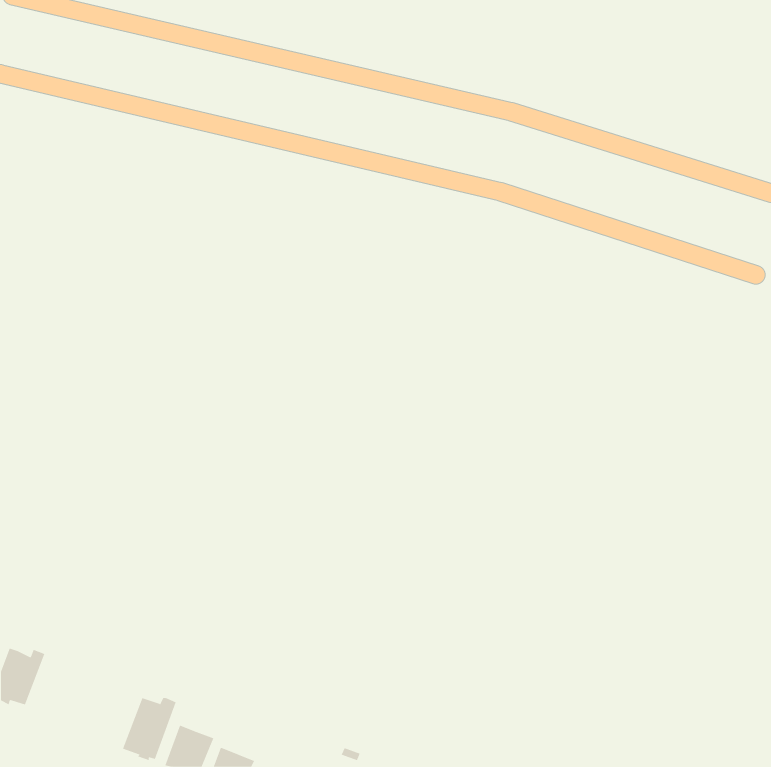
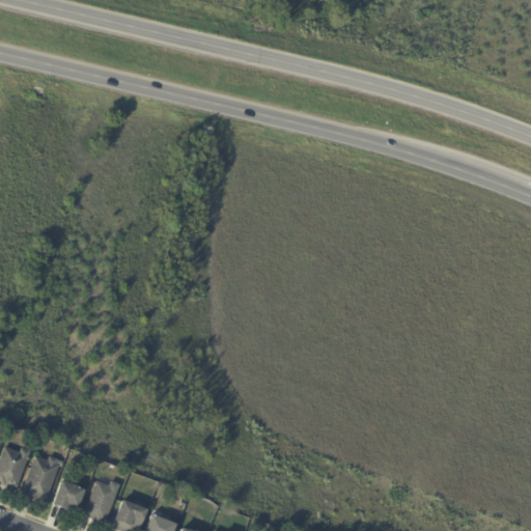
building: none -> [23,454,64,500]
building: none -> [53,480,84,507]

